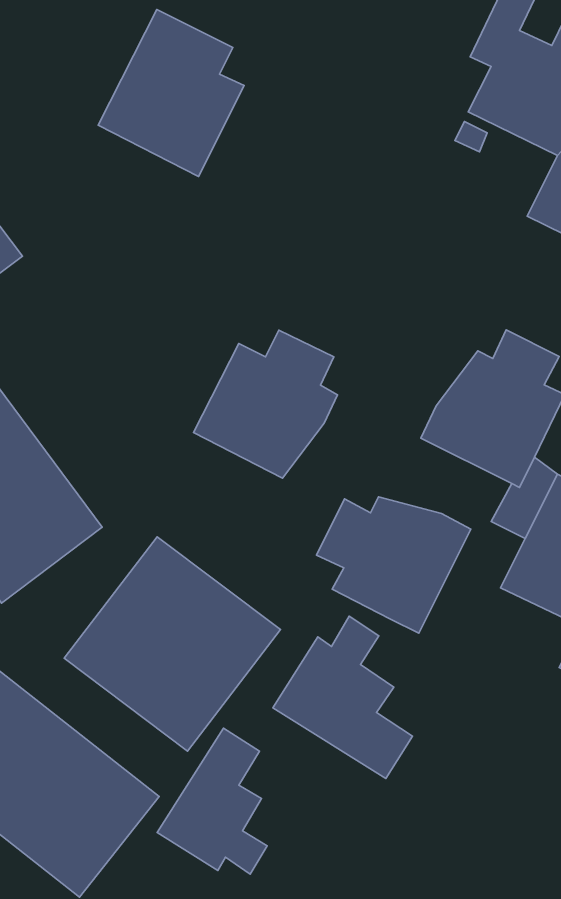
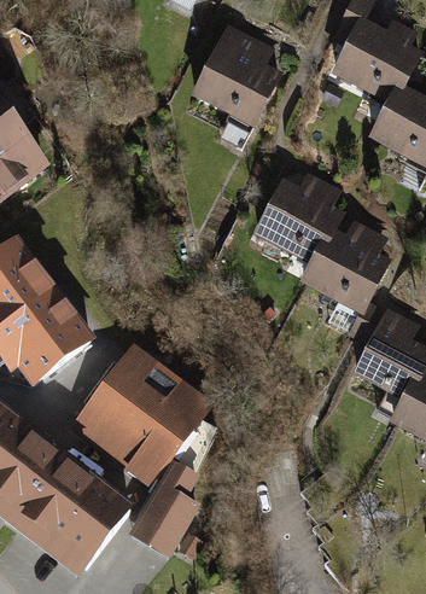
building: [98,10,244,176] -> [189,18,282,124]
building: [193,330,338,478] -> [252,167,344,261]
building: [316,497,471,633] -> none
building: [273,616,413,778] -> none

